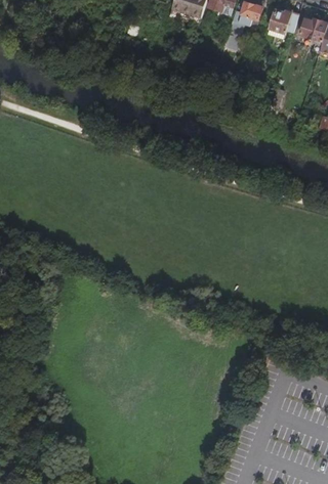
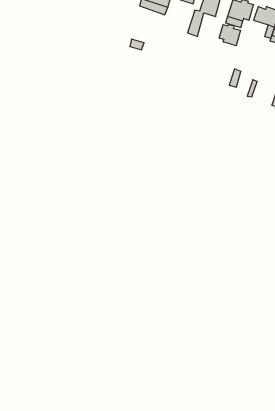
building: none -> [219,24,240,46]

